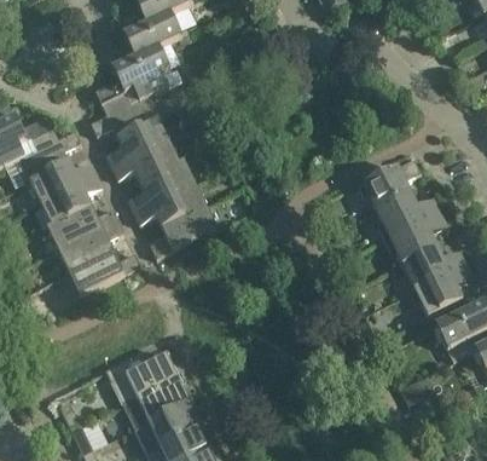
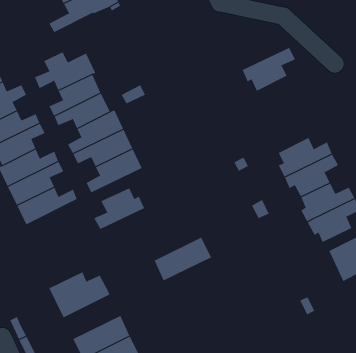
building: [95,46,181,103] -> none
building: [358,157,421,209] -> [242,47,296,91]
building: none -> [94,187,145,230]
building: [123,375,191,427] -> [154,237,212,281]

